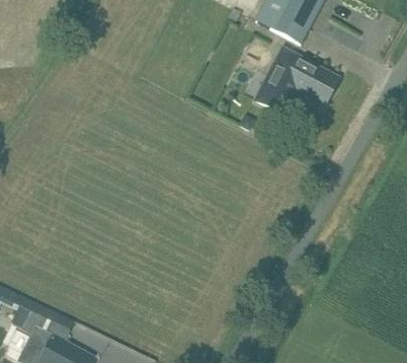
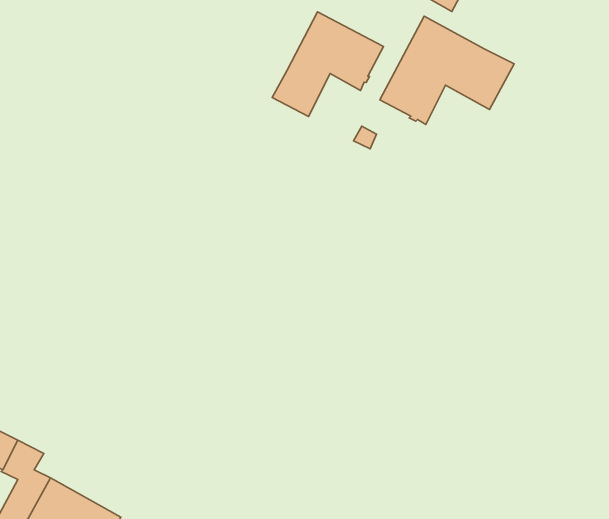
building: none -> [272,12,383,116]

